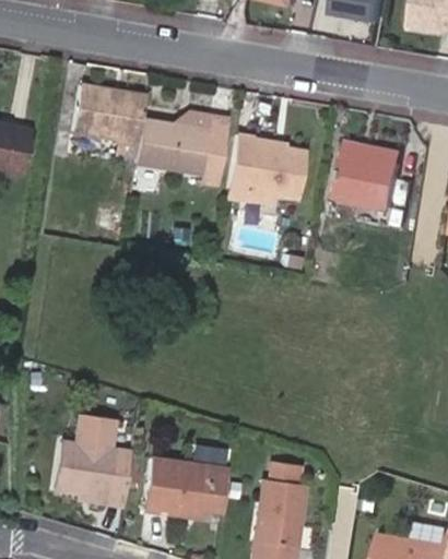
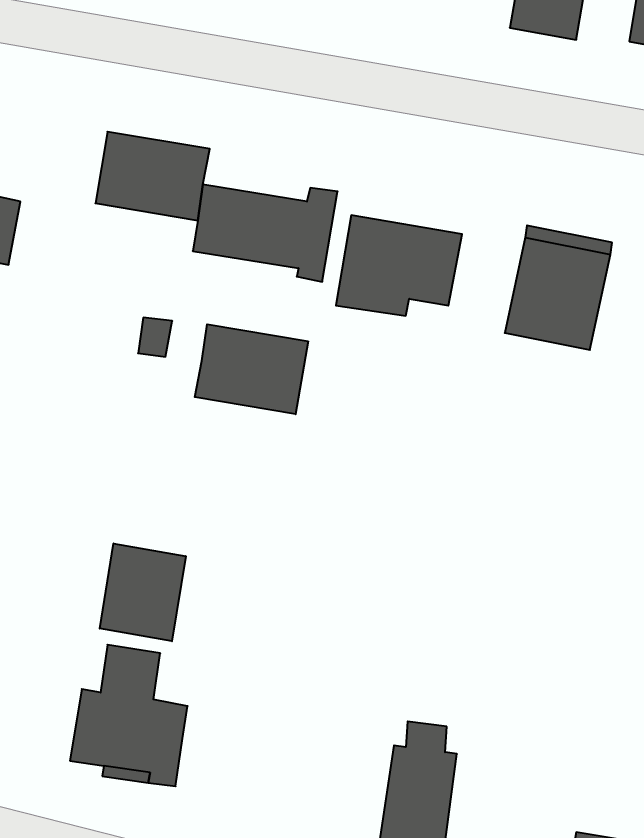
building: none -> [195,324,308,414]
building: none -> [100,543,186,641]
building: [143,459,227,515] -> none

